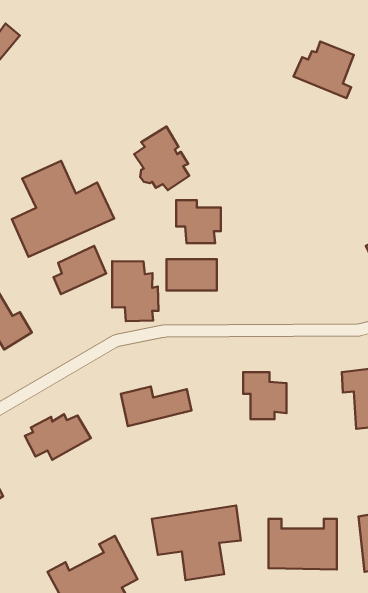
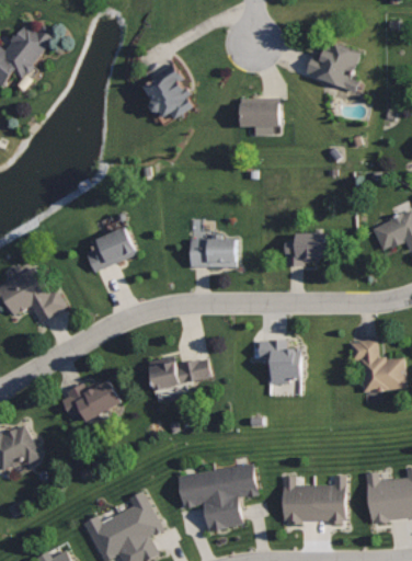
building: none -> [240,98,281,136]
building: [134,126,189,190] -> [144,61,194,119]
building: [12,161,114,257] -> none
building: [176,200,221,243] -> none
building: none -> [285,233,328,266]
building: [112,261,159,321] -> none

